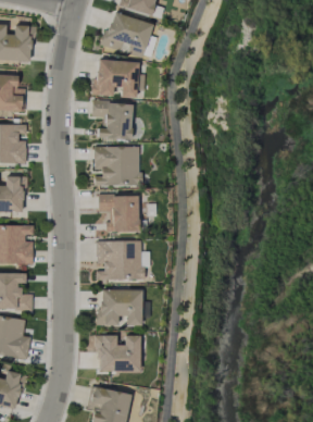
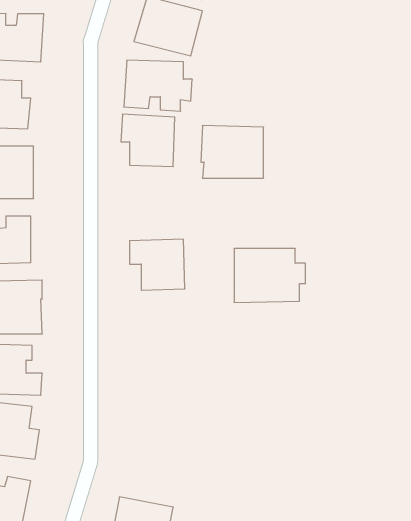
building: [92,146,139,185] -> [201,126,264,178]
building: [96,240,149,281] -> [234,249,305,302]
building: [99,289,141,325] -> none
building: [97,335,140,371] -> none

